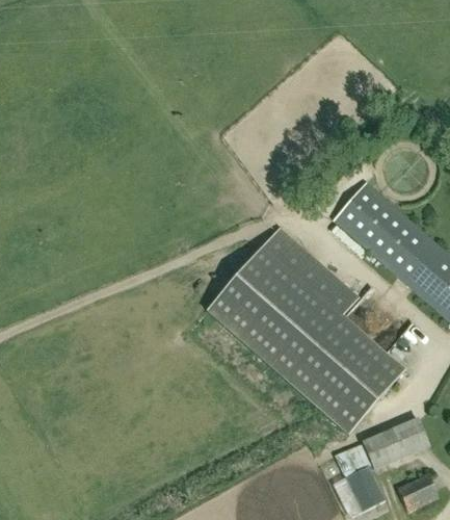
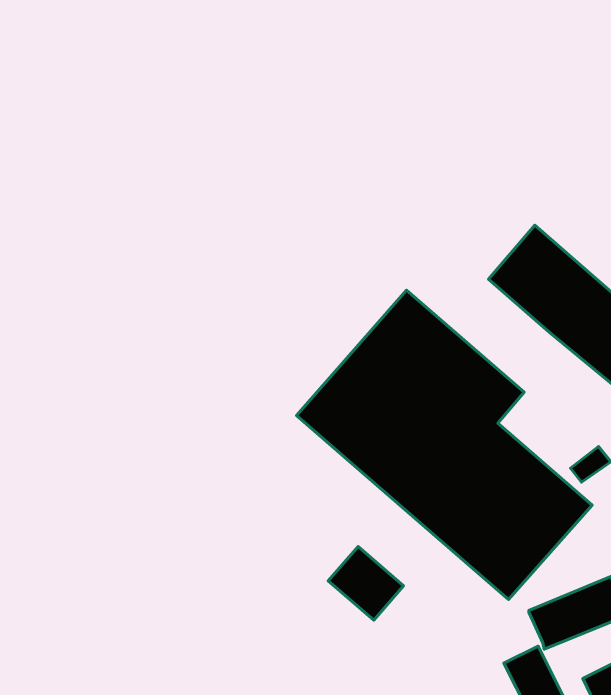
building: none -> [328,546,404,620]
building: [335,442,371,476] -> none

